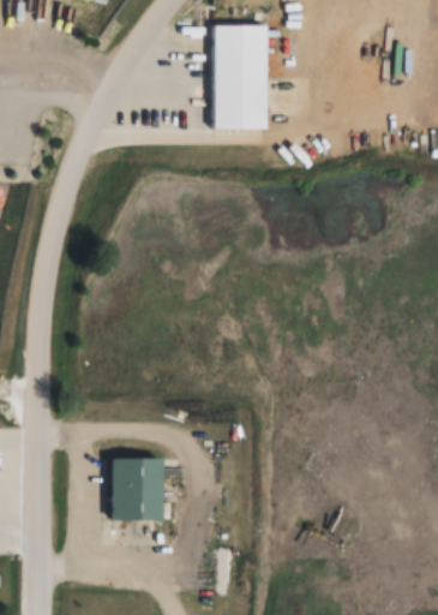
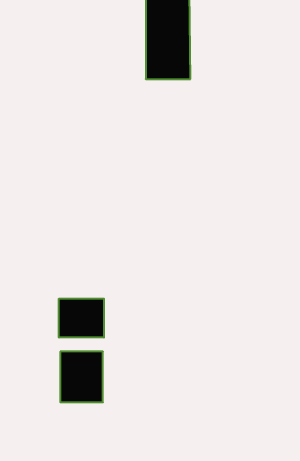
building: none -> [59,299,104,338]

